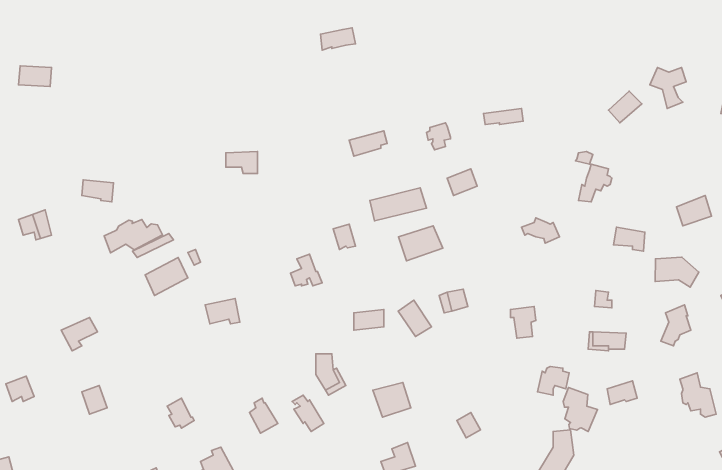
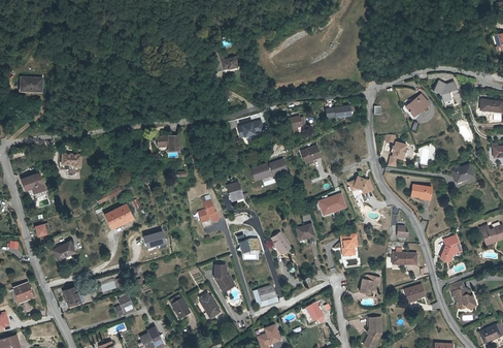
building: [104,220,162,253] -> none
building: [398,226,443,261] -> [318,193,347,216]
building: [655,257,699,287] -> none
building: [563,387,598,432] -> none

